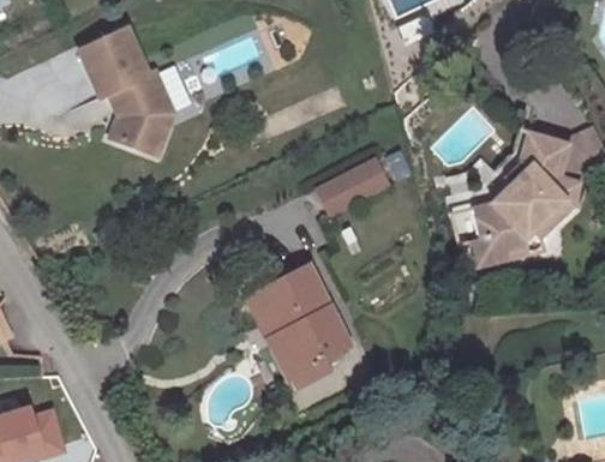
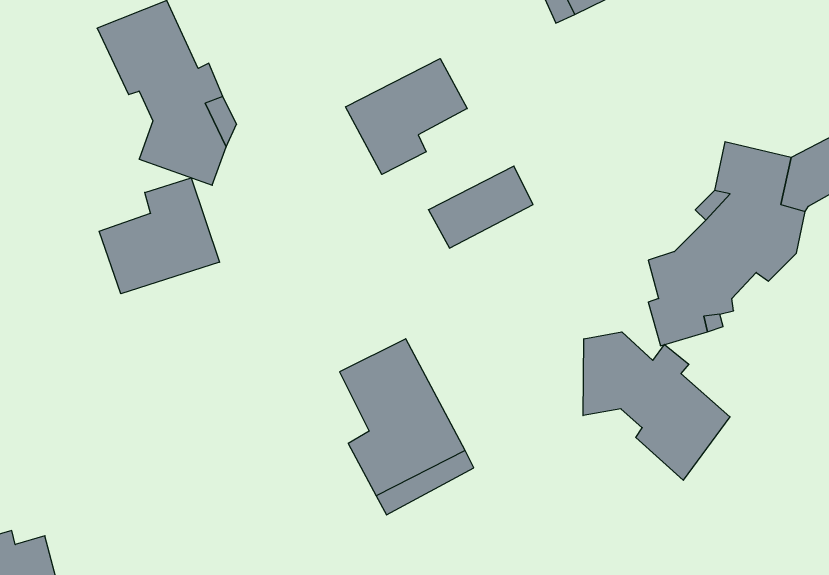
building: none -> [346,59,467,174]
building: none -> [99,178,220,294]
building: none -> [583,332,730,480]

